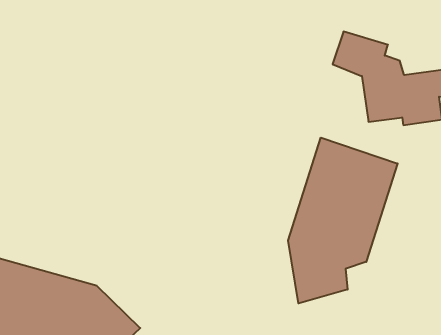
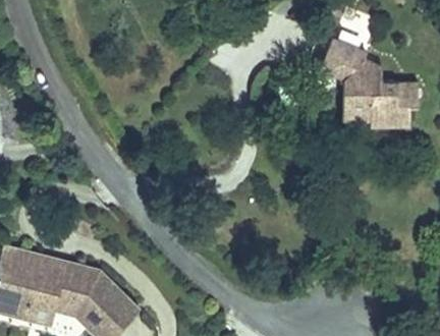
building: [288,138,398,303] -> none

